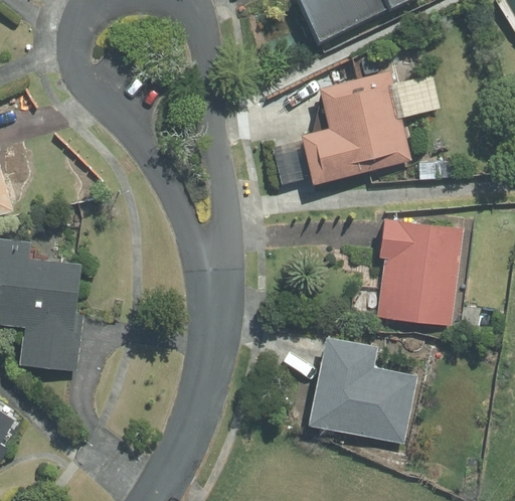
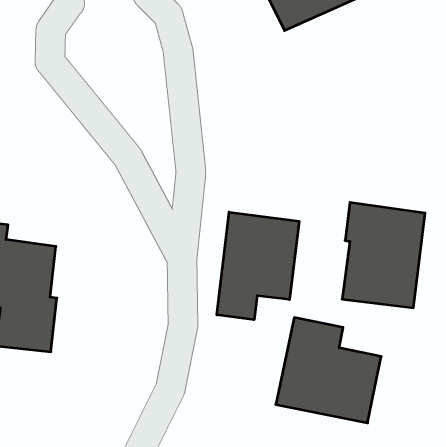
building: [302,71,440,183] -> none
building: none -> [217,212,299,320]

